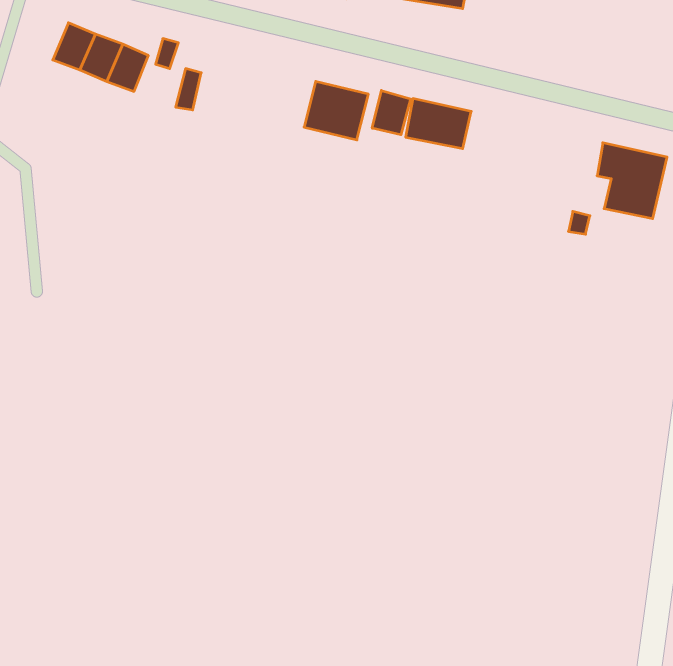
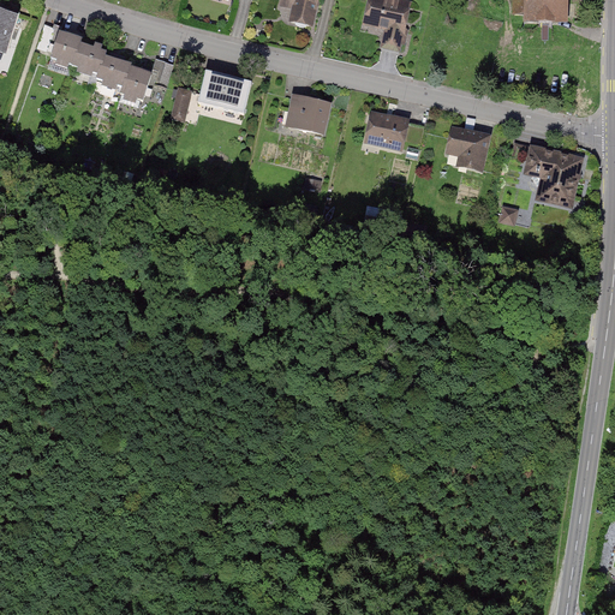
building: none -> [46,35,80,74]
building: none -> [191,67,252,119]
building: [372,90,410,135] -> none
building: none -> [440,126,490,165]

